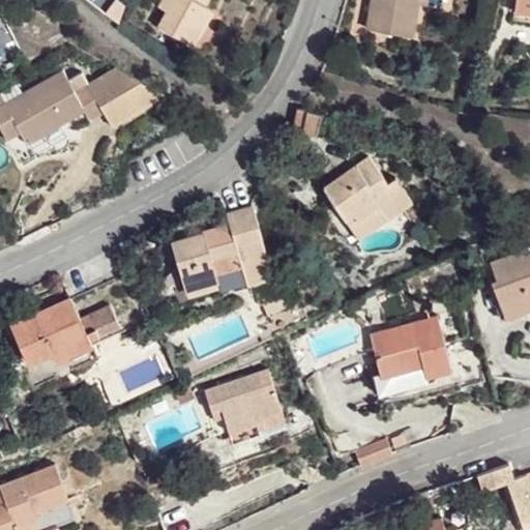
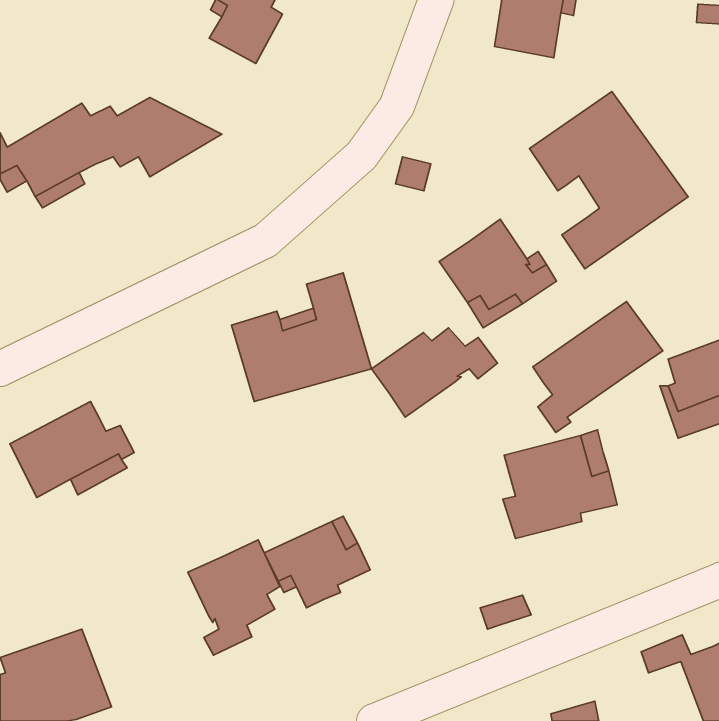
building: none -> [530,91,688,269]
building: none -> [533,301,663,432]
building: none -> [372,328,497,417]
building: none -> [188,540,280,655]

